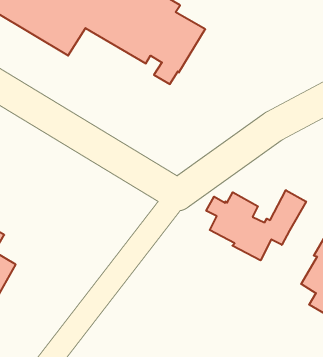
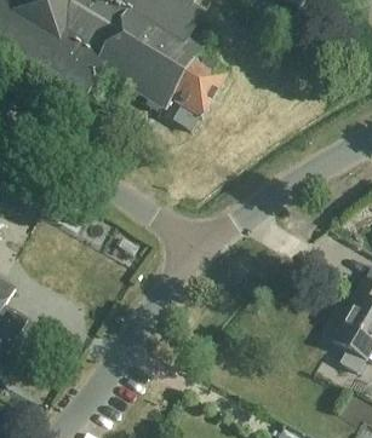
building: [206,190,306,260] -> none

